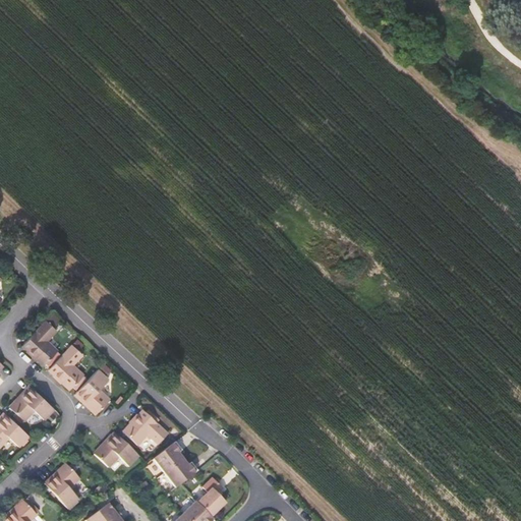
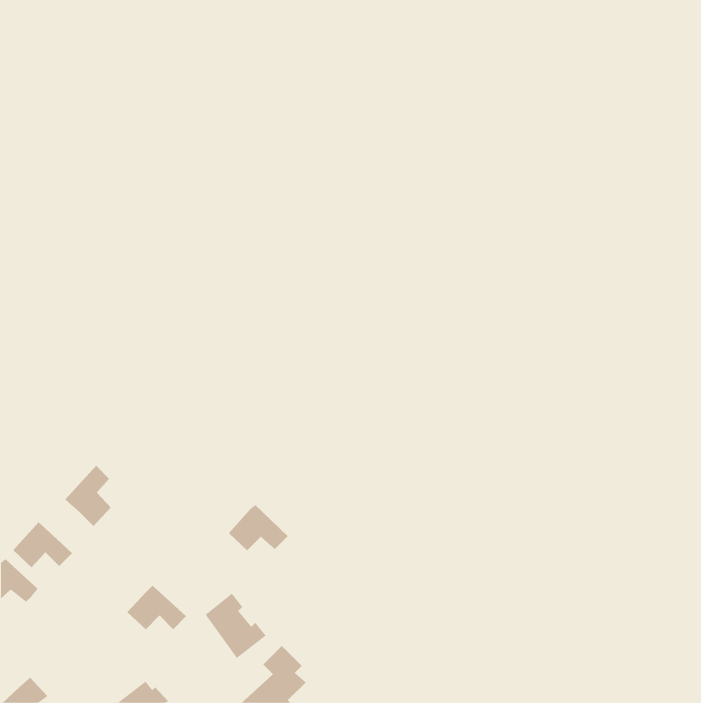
building: [22,320,57,365] -> none
building: [75,368,110,414] -> none
building: [123,410,168,445] -> [228,504,288,551]
building: [45,464,79,509] -> none

